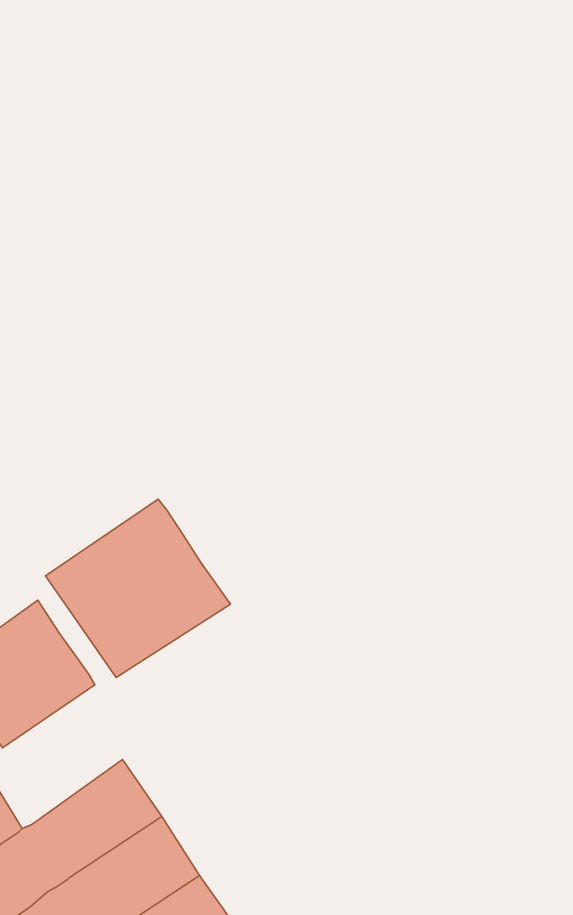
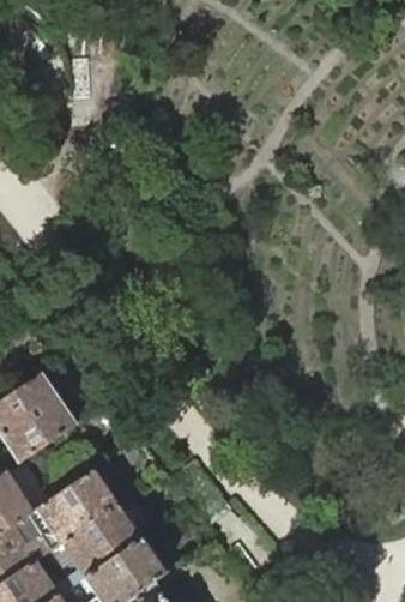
building: [46,499,230,678] -> none

